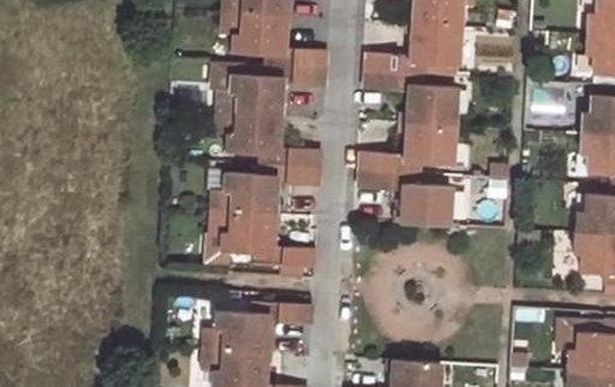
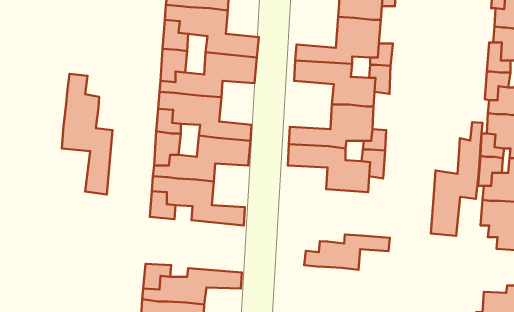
building: none -> [62,74,113,194]
building: none -> [431,122,483,236]
building: none -> [304,235,390,270]

